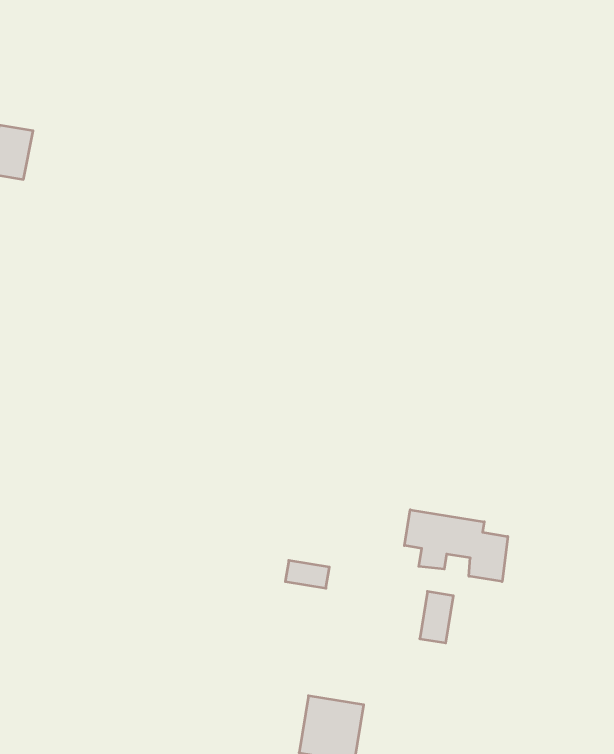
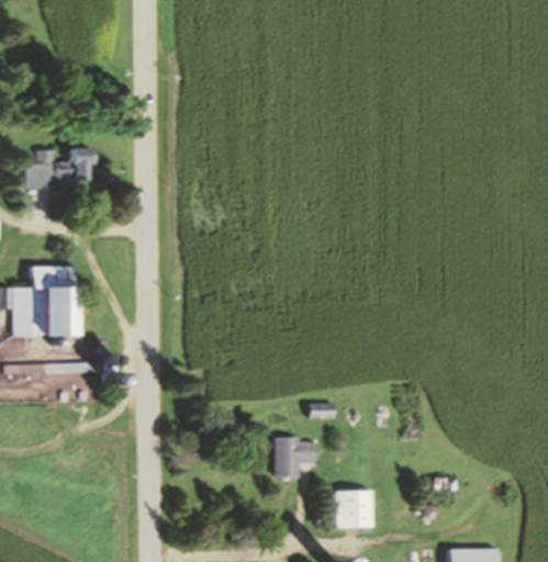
building: [404,510,508,582] -> none
building: none -> [275,438,316,477]

